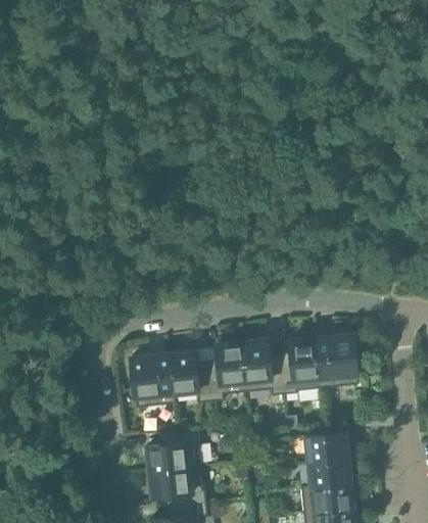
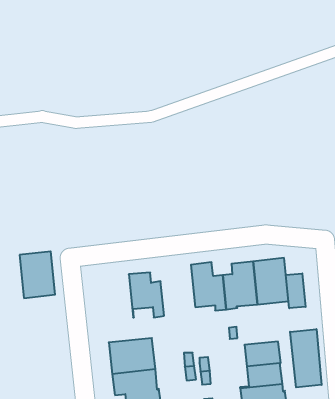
building: [206,342,247,402] -> none
building: none -> [286,273,306,308]
building: [132,353,174,409] -> [20,251,55,298]
building: none -> [290,329,322,387]

